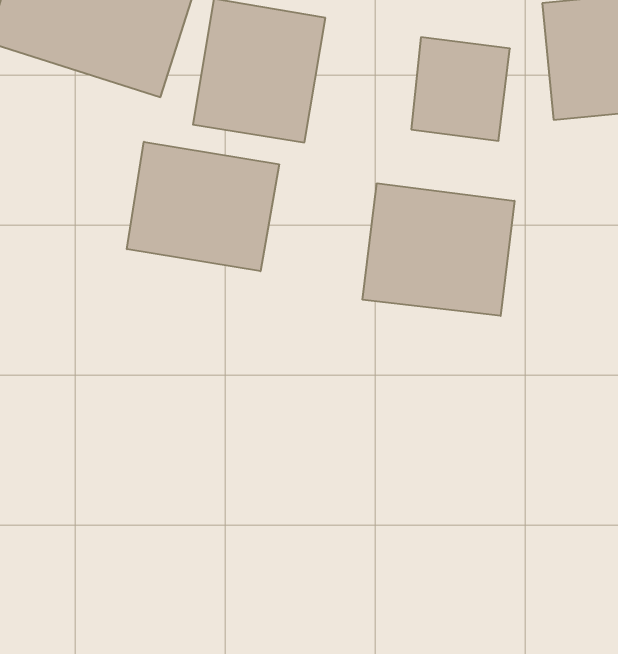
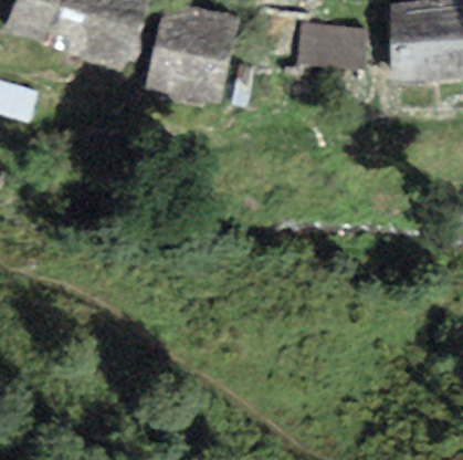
building: [127,142,279,271] -> none
building: [363,183,514,316] -> none

